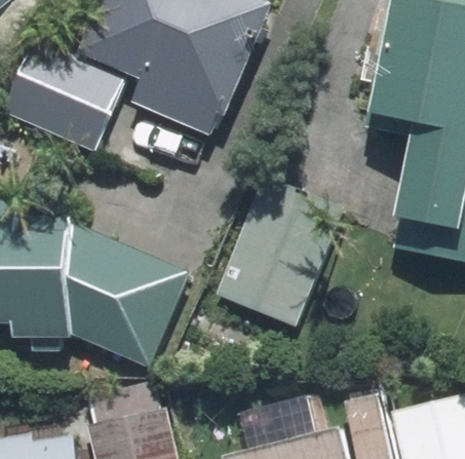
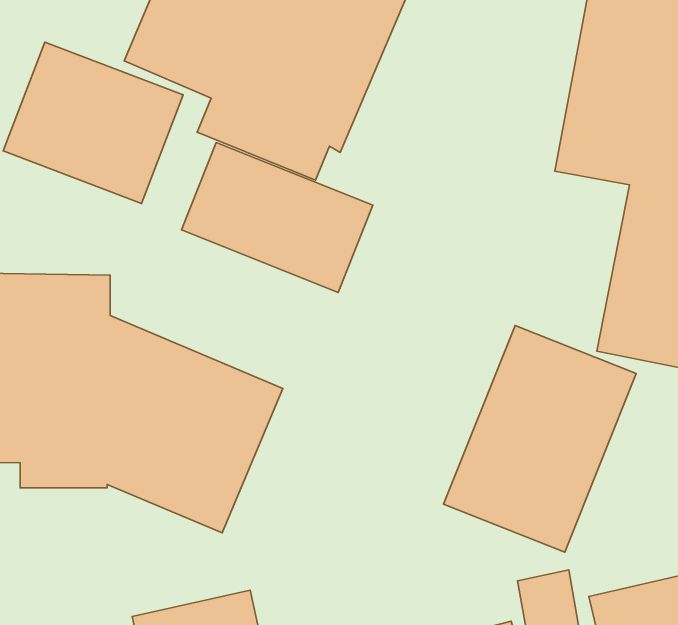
building: none -> [182,143,373,292]
building: [216,176,343,326] -> [444,326,636,552]

